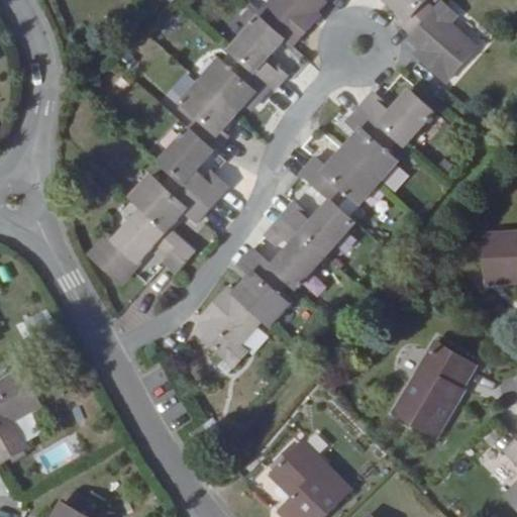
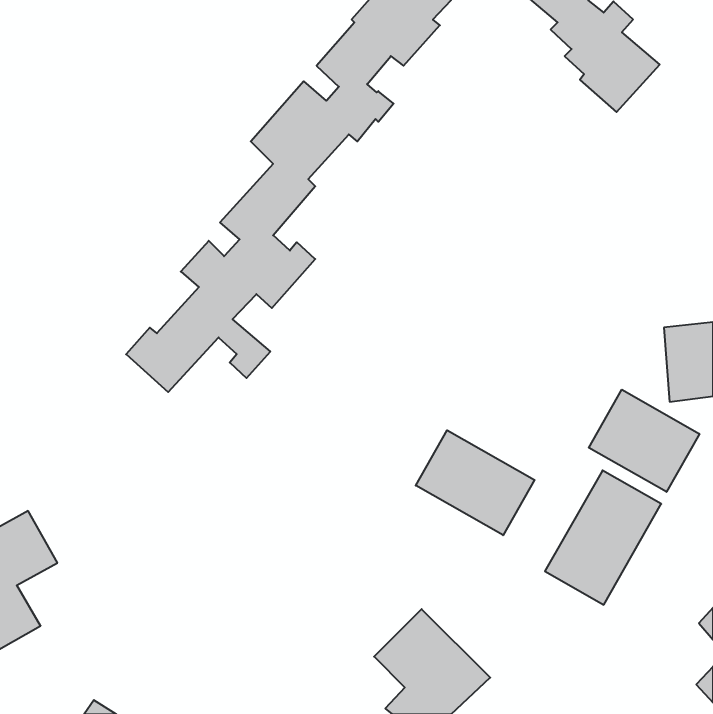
building: [194,89,434,366] -> none
building: none -> [589,390,699,492]
building: none -> [416,430,535,535]

